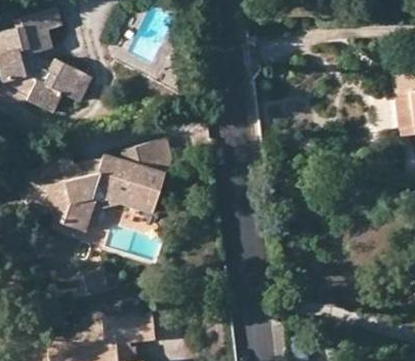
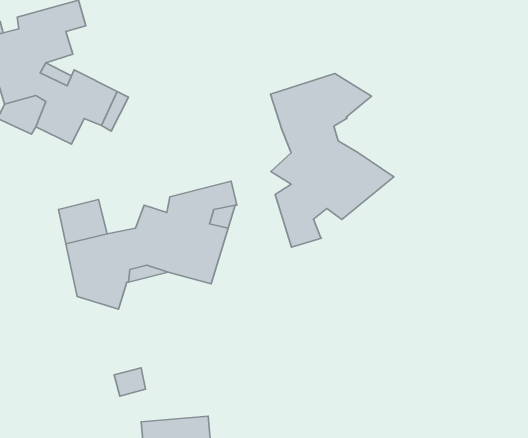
building: none -> [270,74,394,247]

